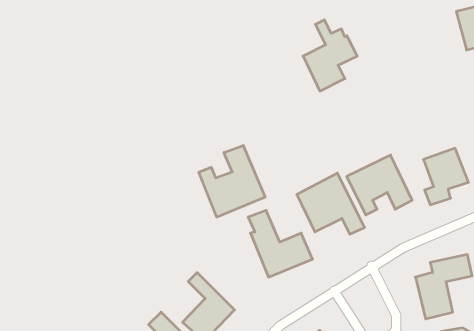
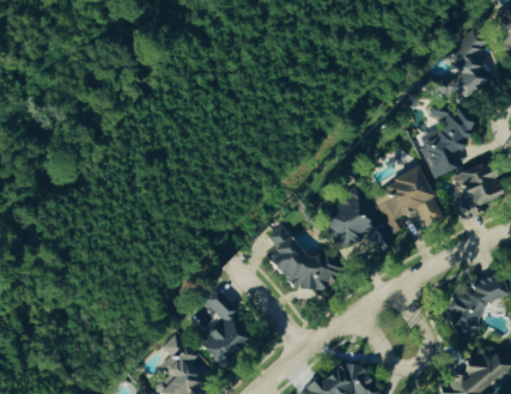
building: [303,20,357,91] -> [419,102,476,177]
building: none -> [446,36,495,101]
building: [199,145,265,217] -> none

